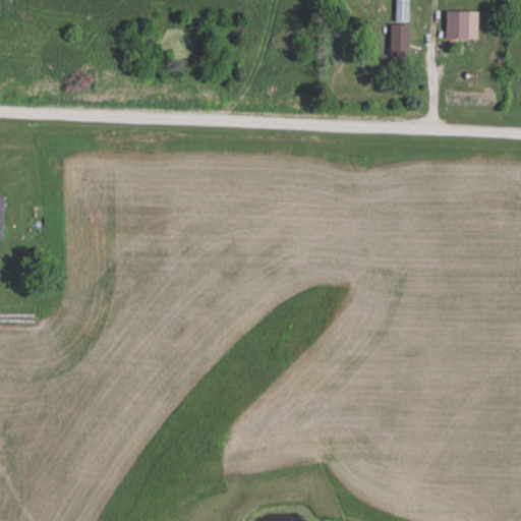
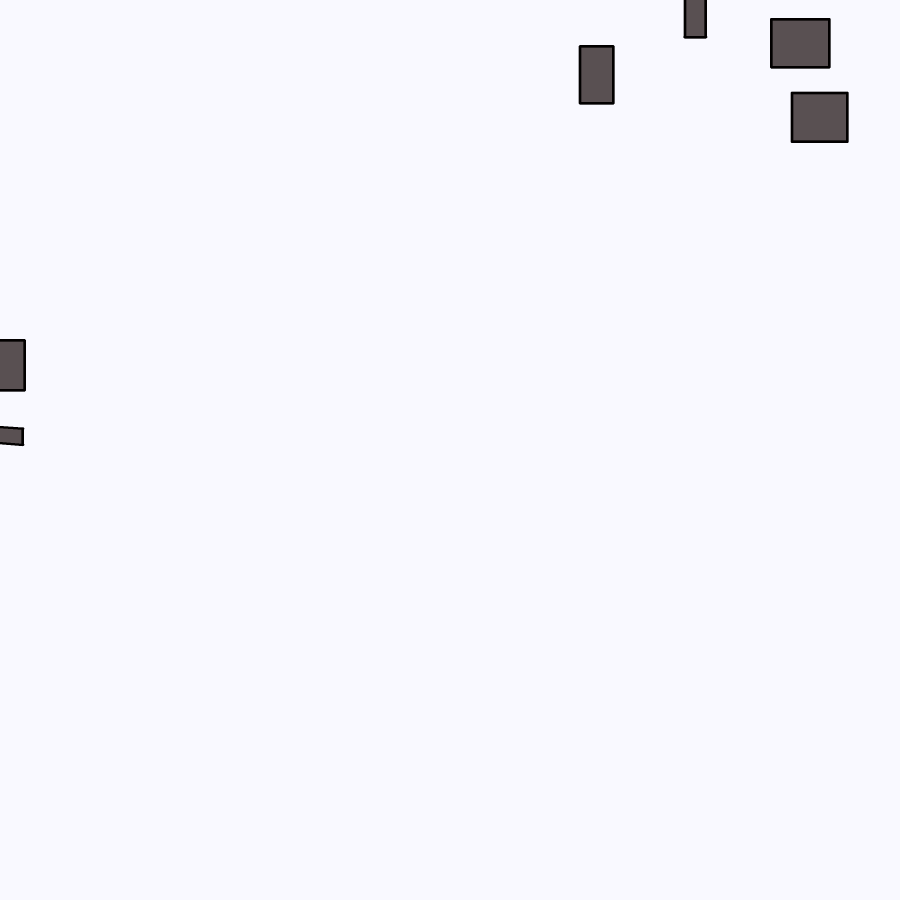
building: [390,24,409,57] -> [580,47,613,103]
building: none -> [792,93,847,142]

